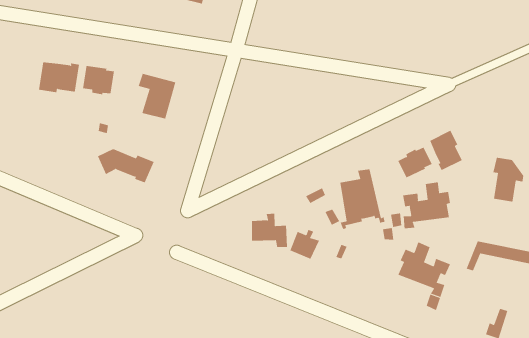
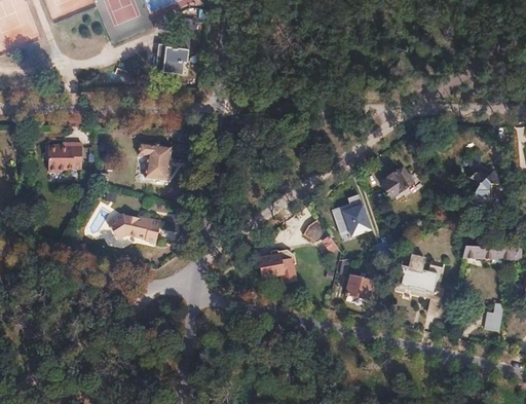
building: [83,65,115,95] -> none
building: [429,130,463,171] -> none
building: [403,181,451,229] -> none
building: [290,229,320,259] -> [346,272,372,299]

